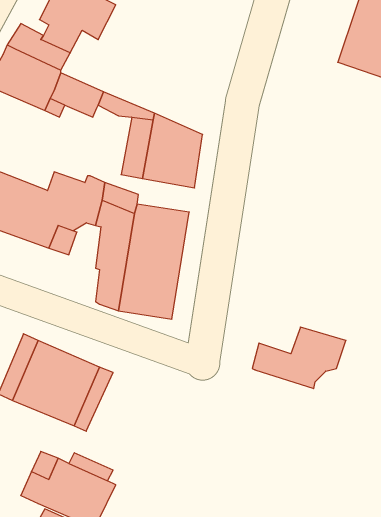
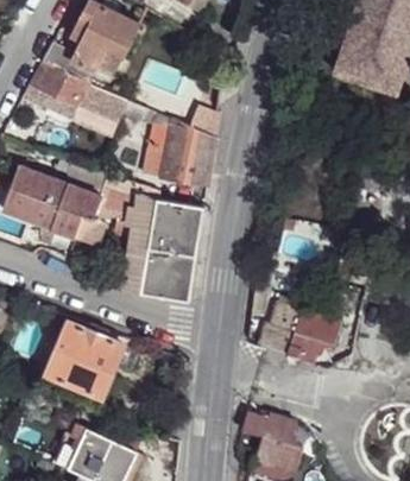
building: none -> [240,413,302,473]

